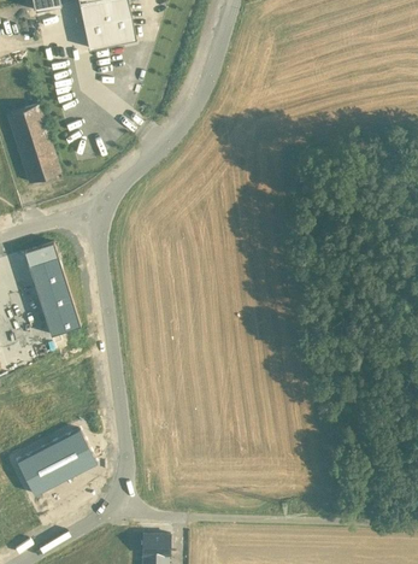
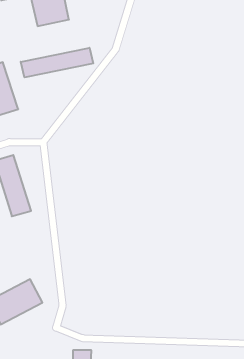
building: none -> [21,48,93,77]

